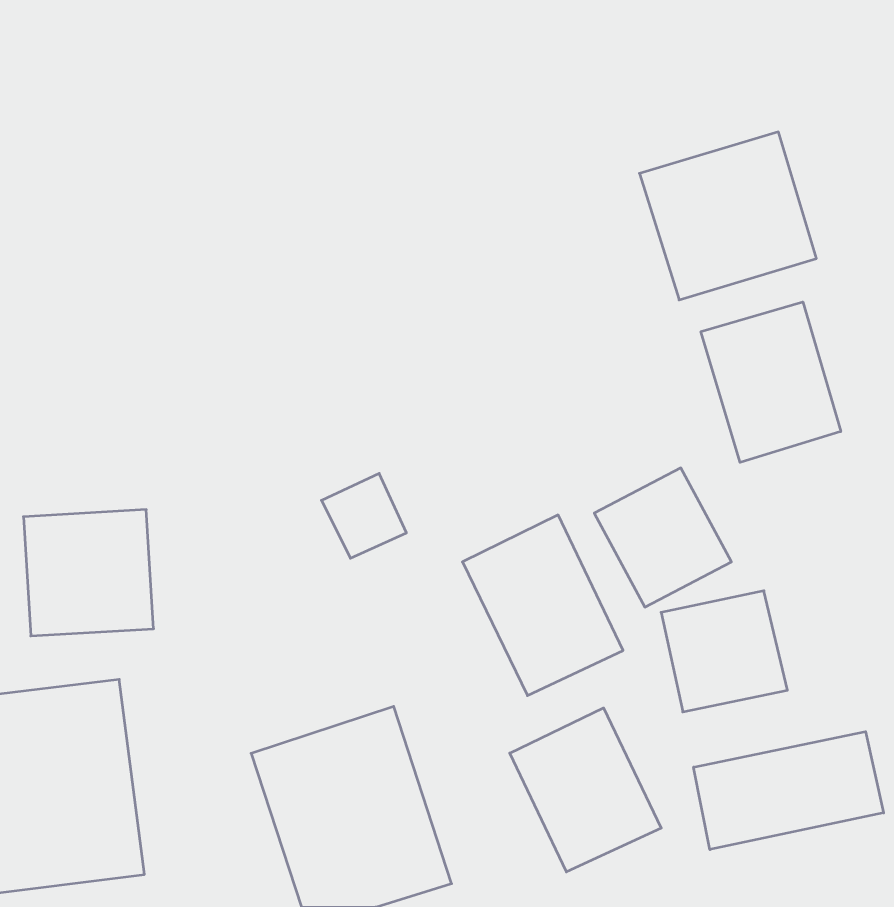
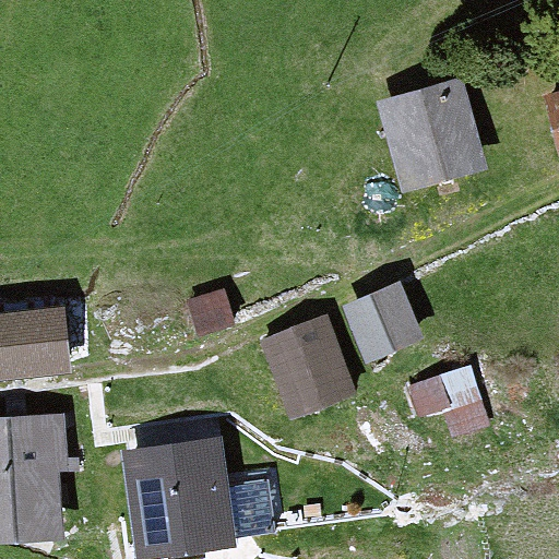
building: [701,302,841,462] -> none
building: [510,708,661,872] -> none
building: [694,732,884,850] -> none

